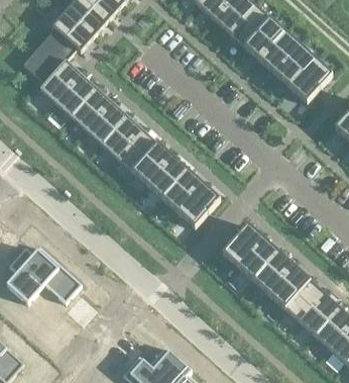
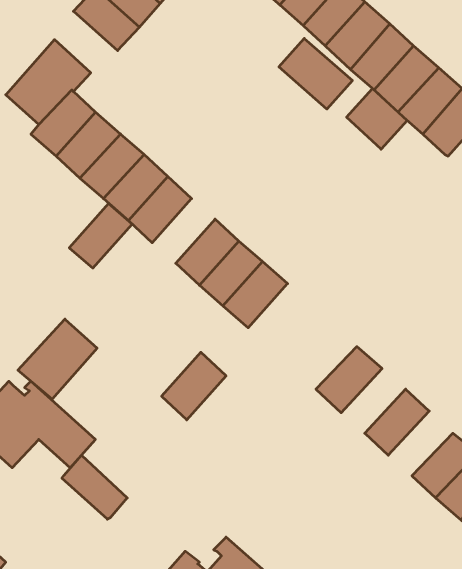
building: [51,9,95,51] -> none
building: none -> [279,38,352,109]
building: none -> [347,89,407,149]
building: [117,129,157,171] -> [69,204,132,268]
building: [179,184,220,227] -> [162,352,226,420]
building: none -> [18,319,97,399]
building: [238,238,279,280] -> none
building: [268,266,310,307] -> none
building: none -> [62,455,127,519]

